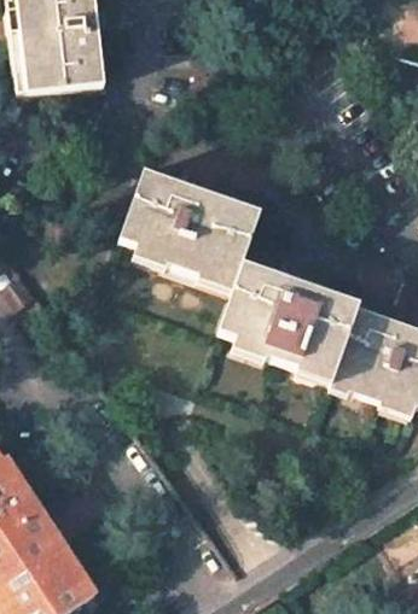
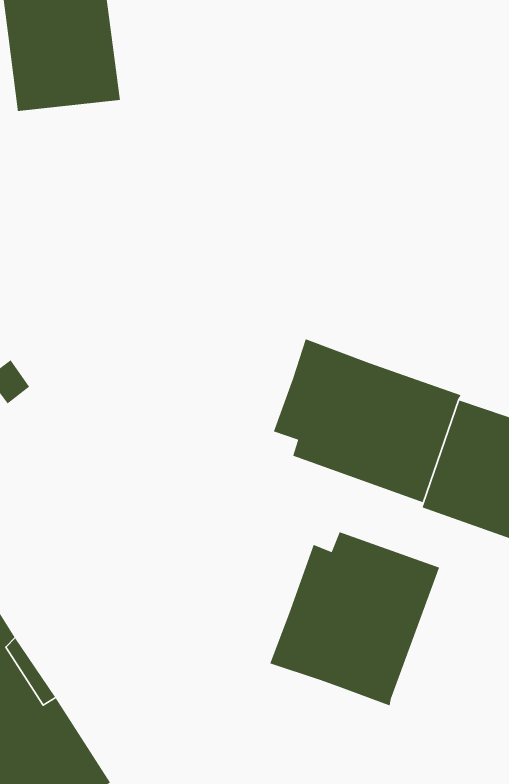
building: [120,170,261,292] -> none
building: none -> [269,531,440,707]

